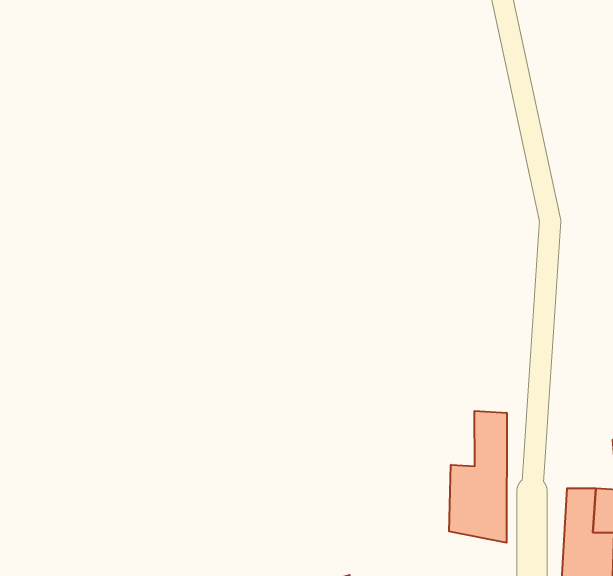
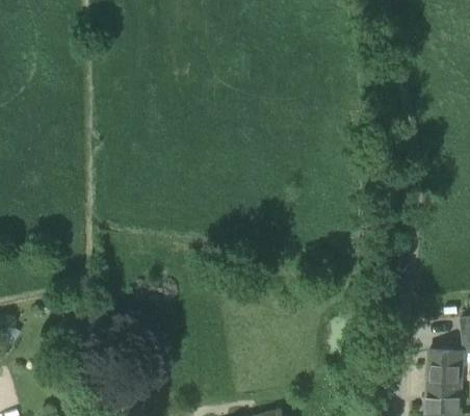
building: [449,411,507,543] -> none

